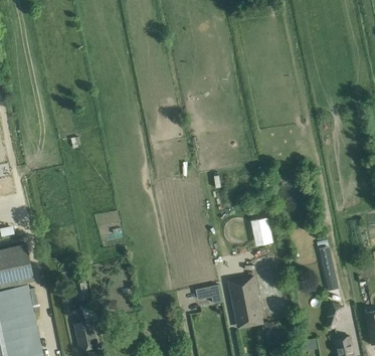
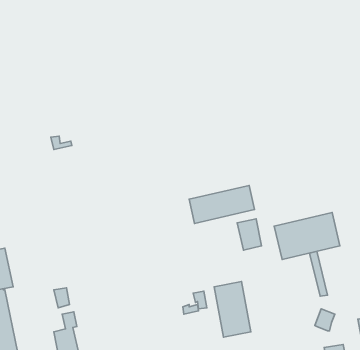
building: none -> [189,185,255,223]
building: none -> [274,213,340,260]

